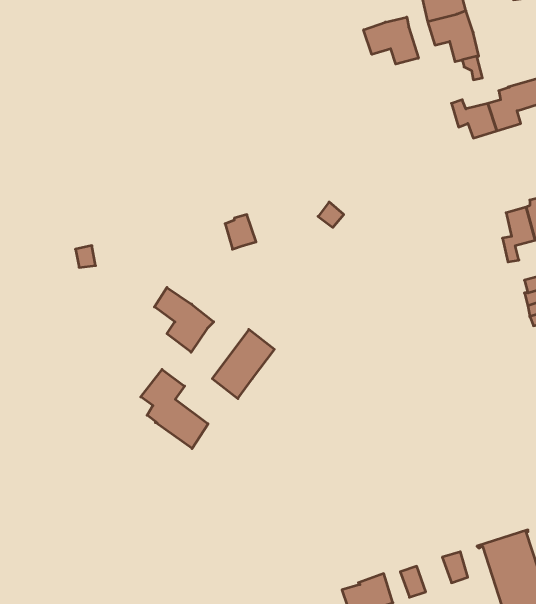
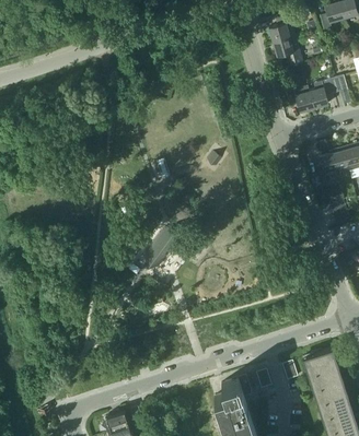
building: [364,17,418,64] -> none
building: [154,287,214,352] -> none
building: [141,369,208,449] -> none

